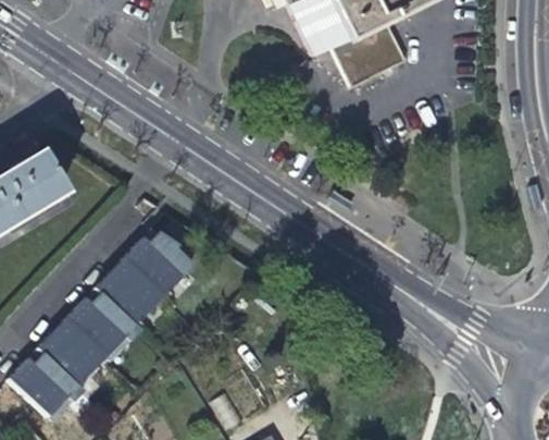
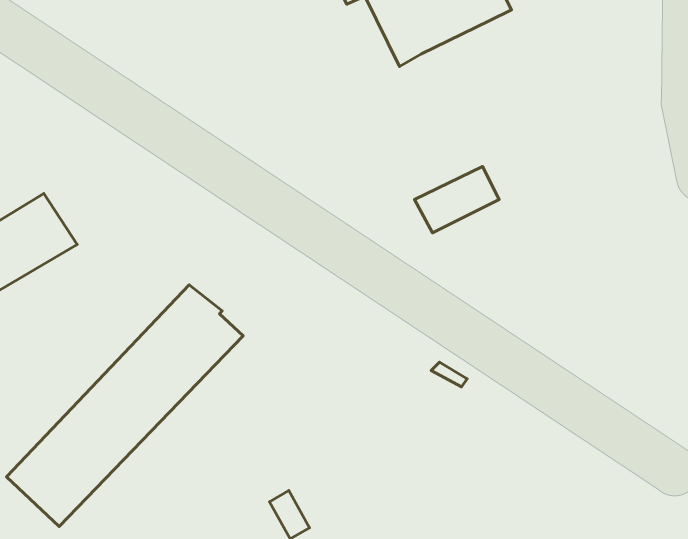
building: [337,19,403,71] -> [415,166,499,233]

